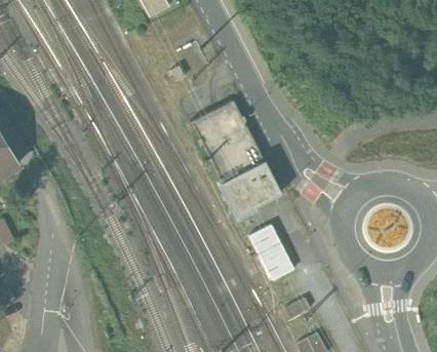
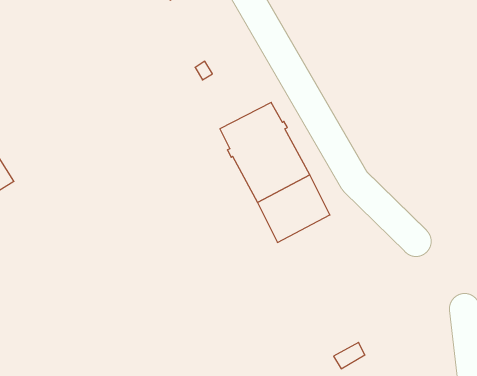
building: [248,225,293,281] -> none

